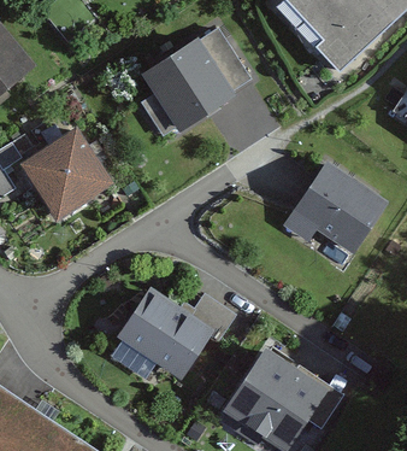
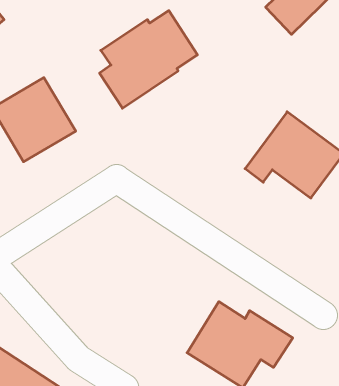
building: [118,288,240,377] -> none

